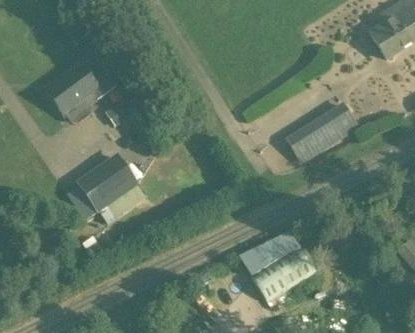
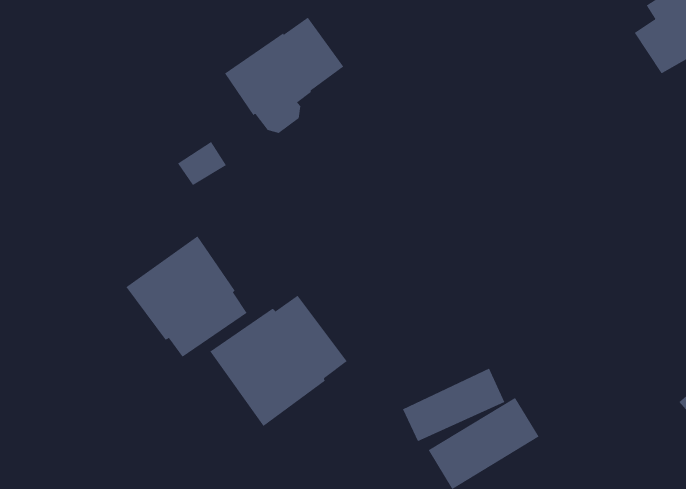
building: [46,56,116,124] -> [224,17,344,134]
building: [285,102,359,164] -> none
building: none -> [210,295,347,427]

